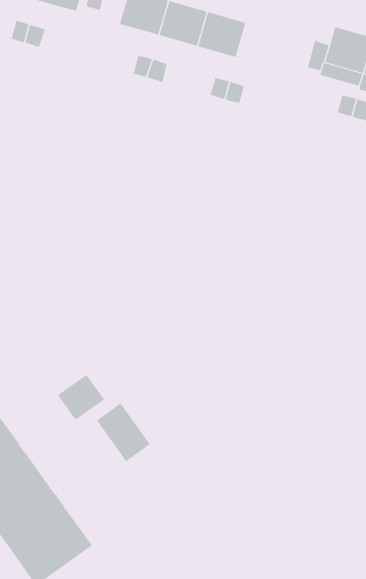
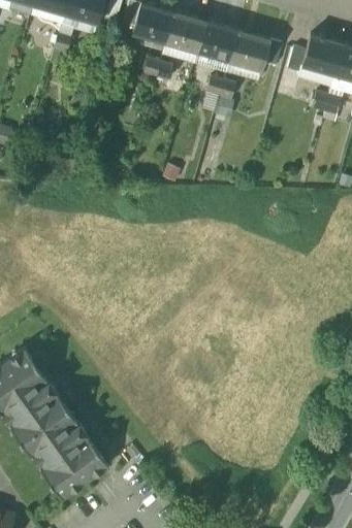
building: none -> [228,32,269,70]
building: [57,374,105,420] -> none
building: [96,403,150,462] -> none

